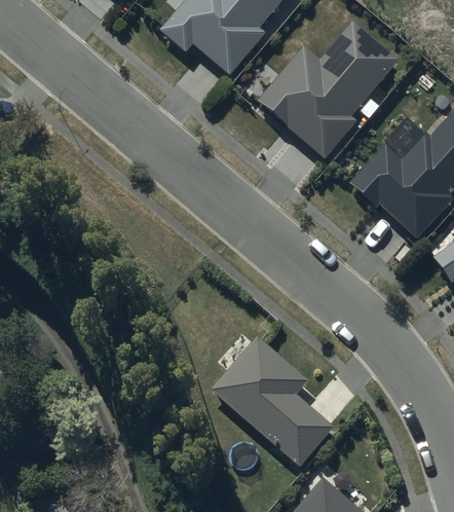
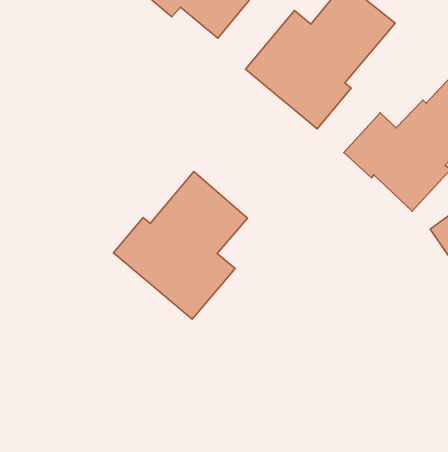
building: none -> [114,172,248,319]
building: [211,335,335,466] -> none

